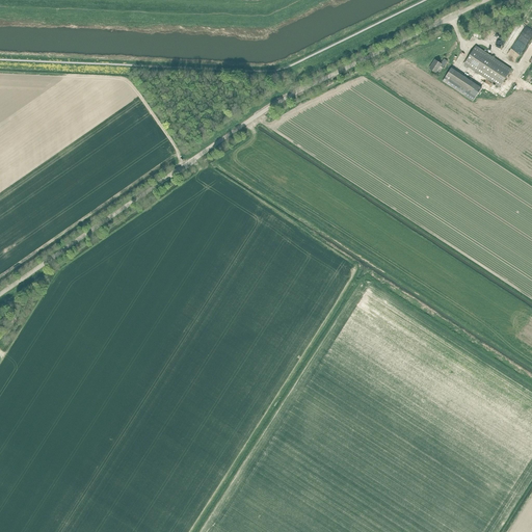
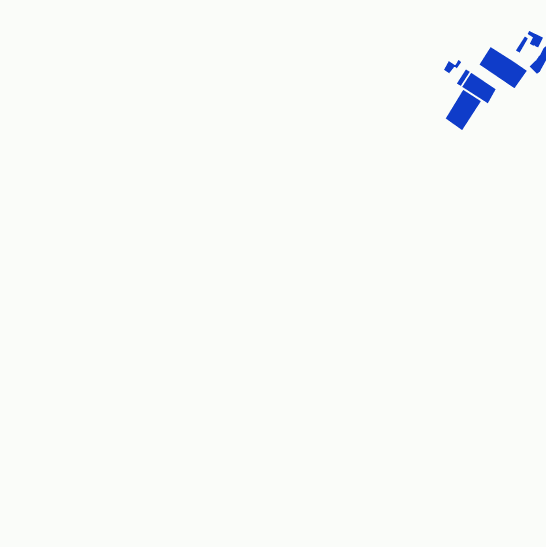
building: none -> [445,89,482,131]

